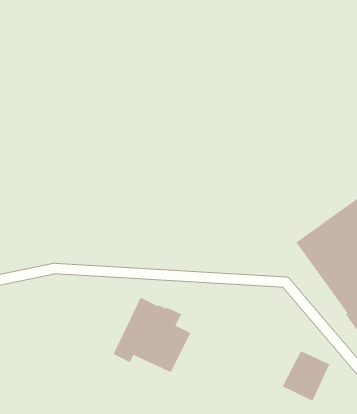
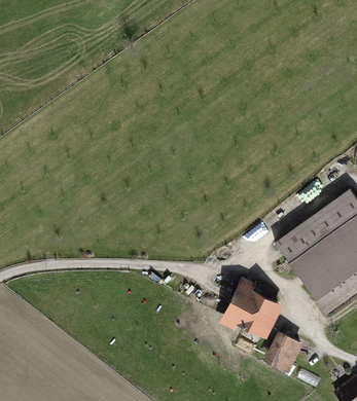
building: [113,297,191,373] -> [218,276,283,338]

